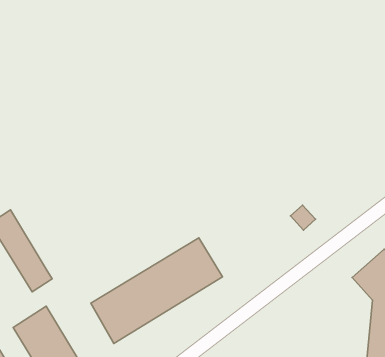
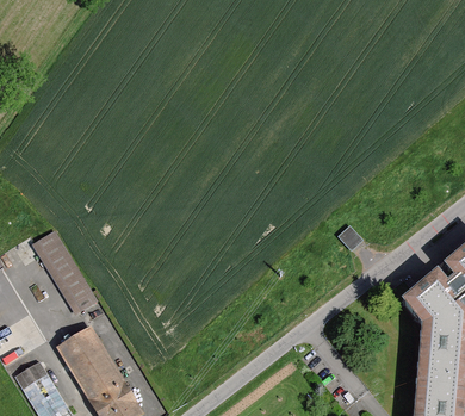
building: [91,238,223,343] -> none

